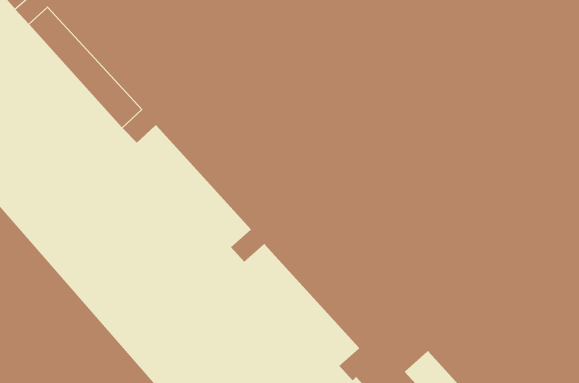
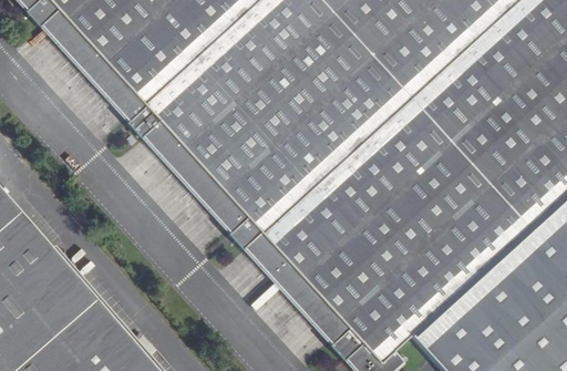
building: none -> [142,122,248,236]
building: none -> [243,234,350,348]

